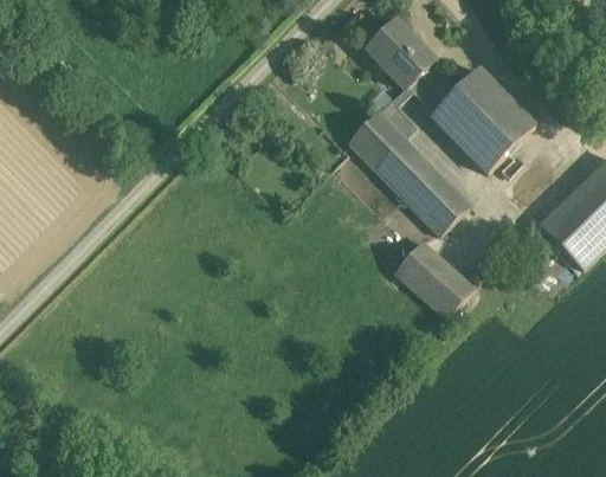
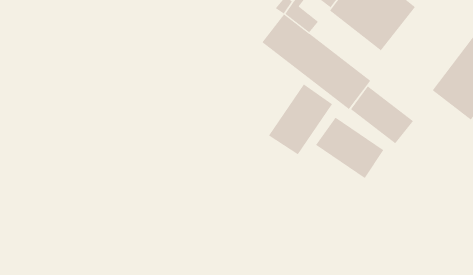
building: none -> [268,84,333,155]
building: none -> [350,85,414,144]

